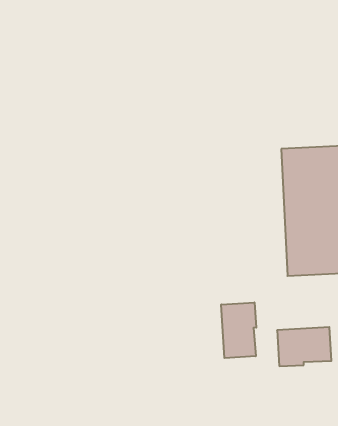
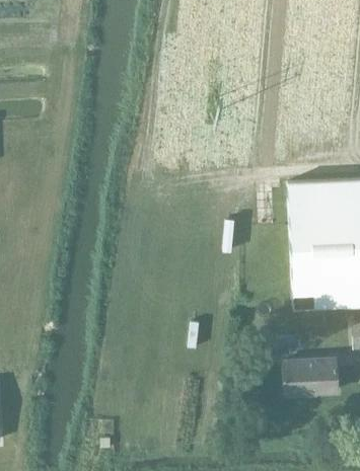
building: [221,302,256,358] -> none

